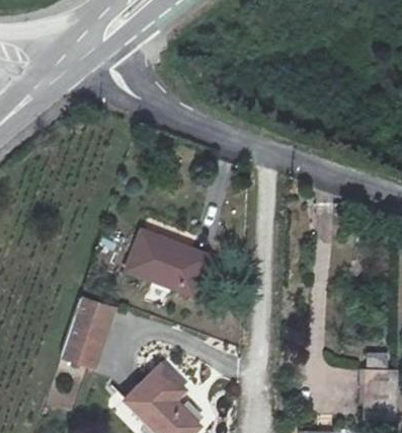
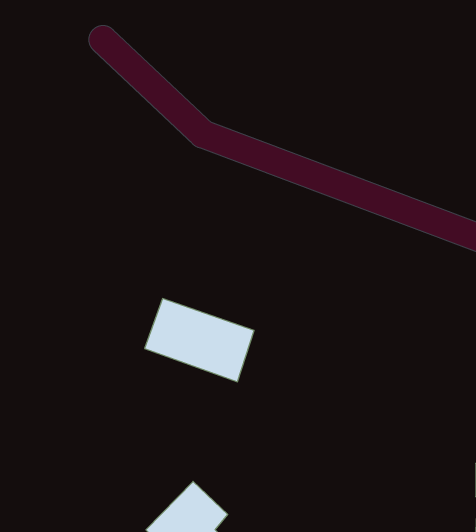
building: [59,299,112,367] -> none

